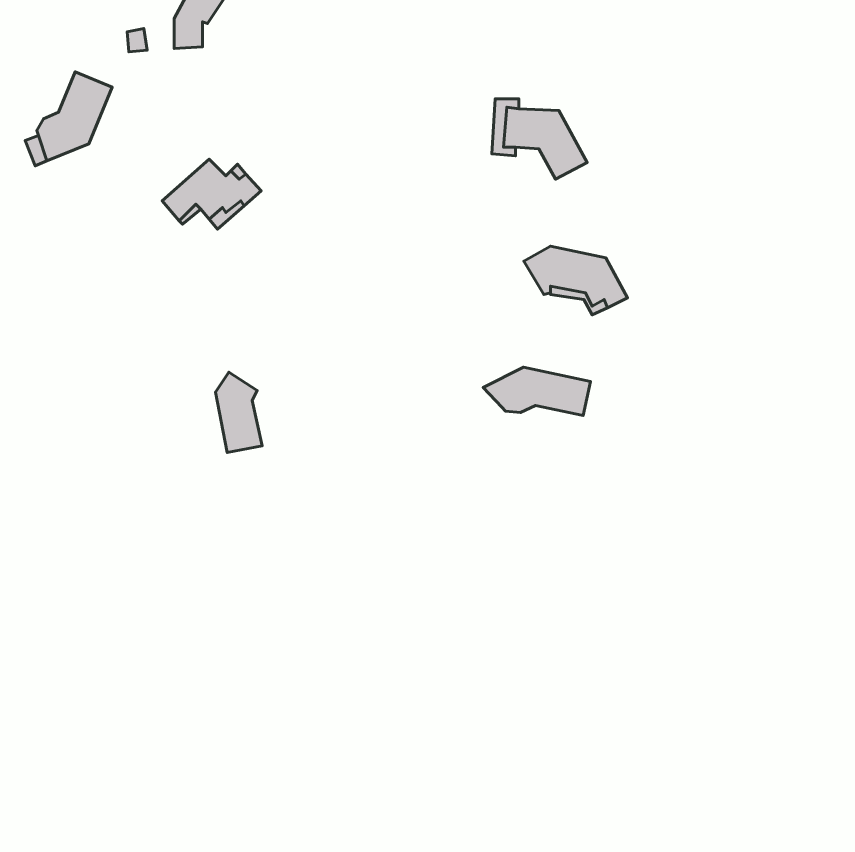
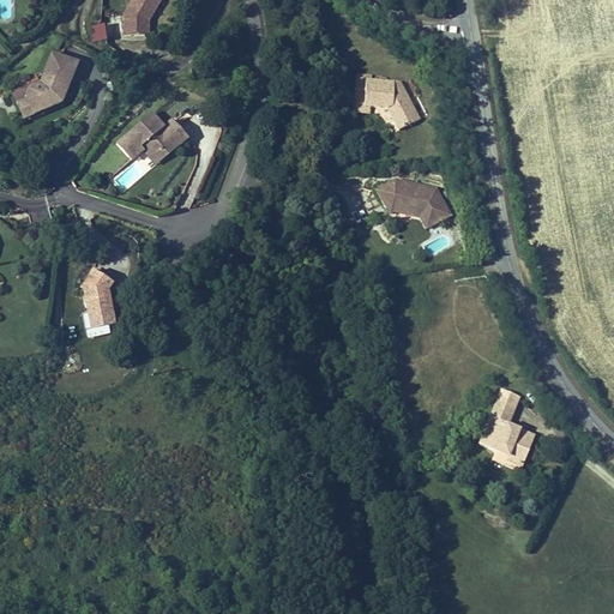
building: [483,367,591,416] -> none
building: [215,372,262,452] -> [82,270,115,327]
building: none -> [477,387,535,466]

